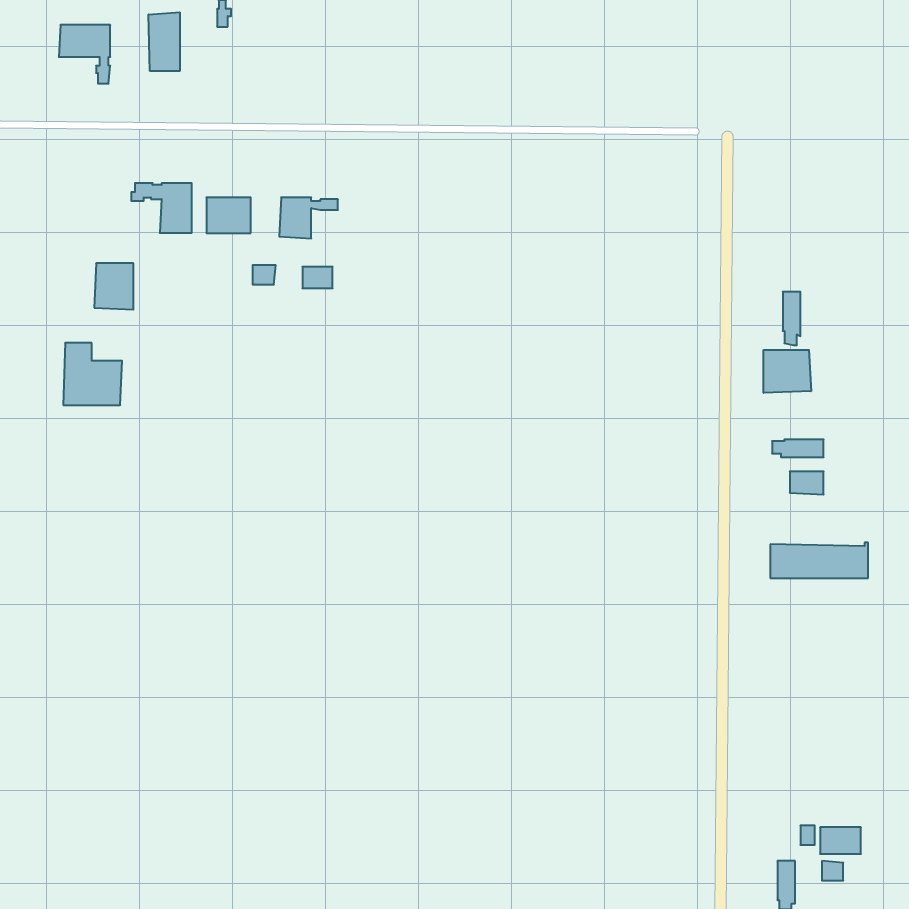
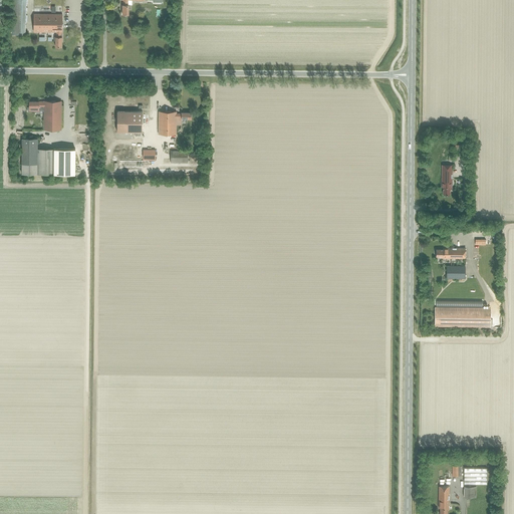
building: [149,12,180,71] -> none
building: [131,183,192,233] -> [27,101,61,130]
building: [63,343,122,405] -> [21,139,54,174]
building: [764,350,811,393] -> none

